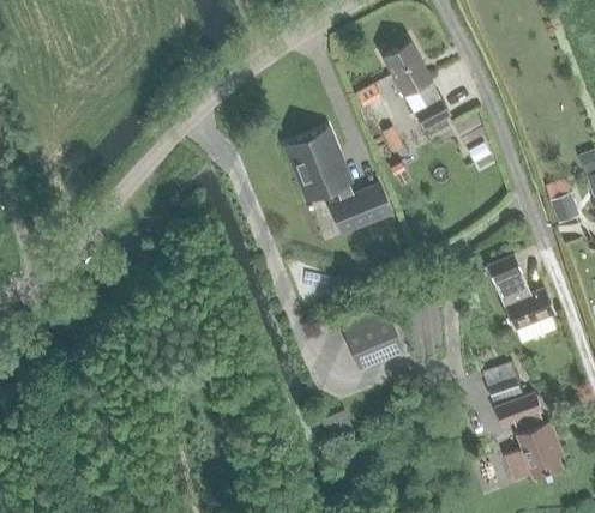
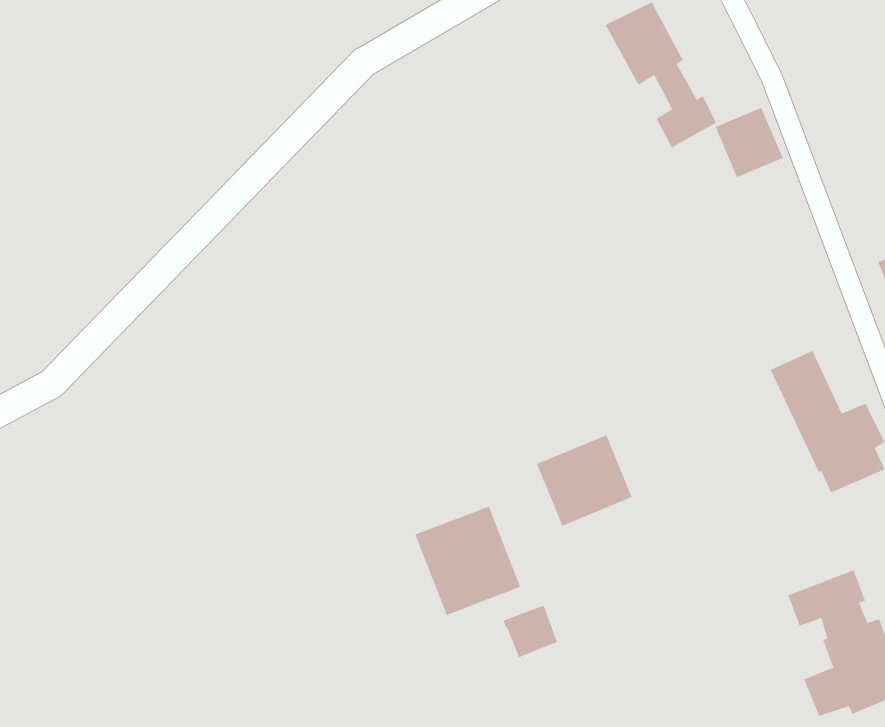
building: [287,128,391,233] -> none
building: none -> [415,506,521,616]
building: [483,363,522,403] -> none

